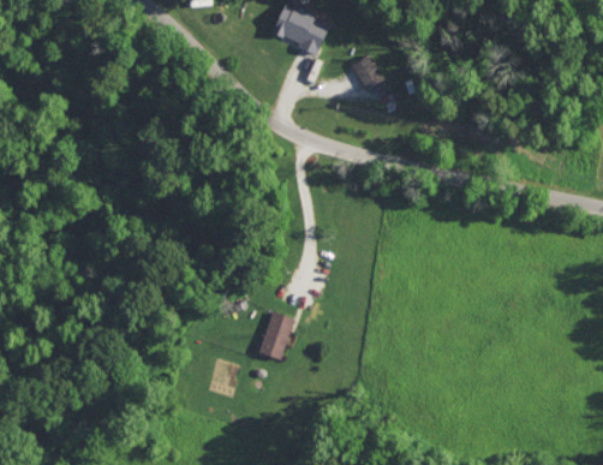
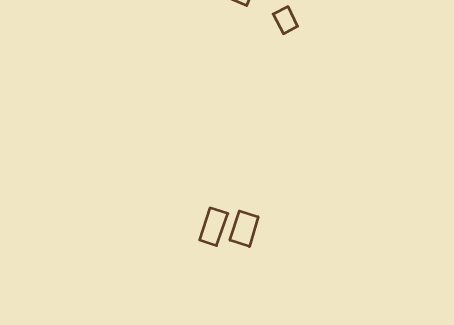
building: none -> [230,211,258,247]

